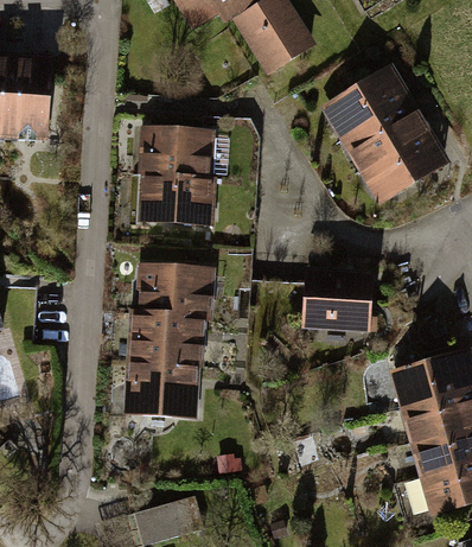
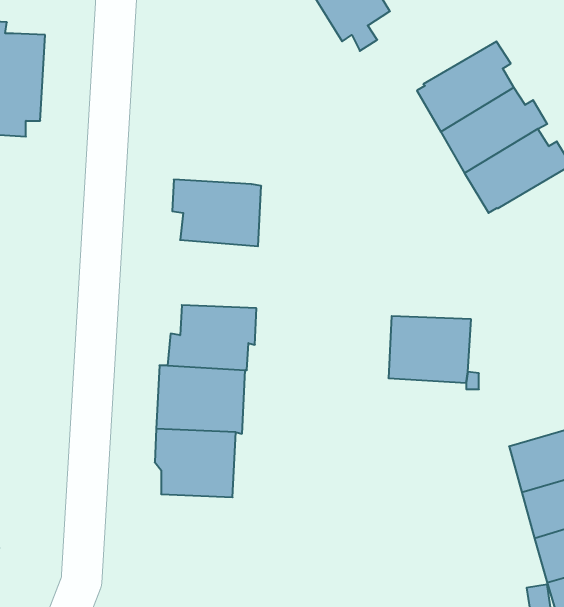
building: [143,129,208,177] -> none

